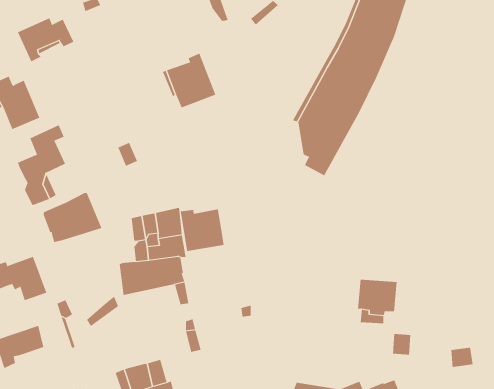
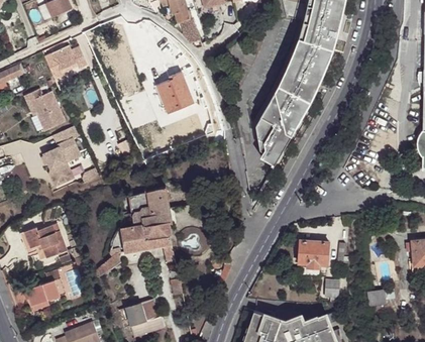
building: [43,192,102,243] -> none
building: [180,208,224,252] -> none

